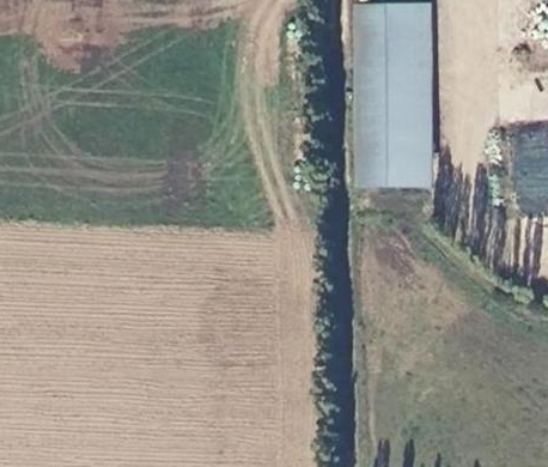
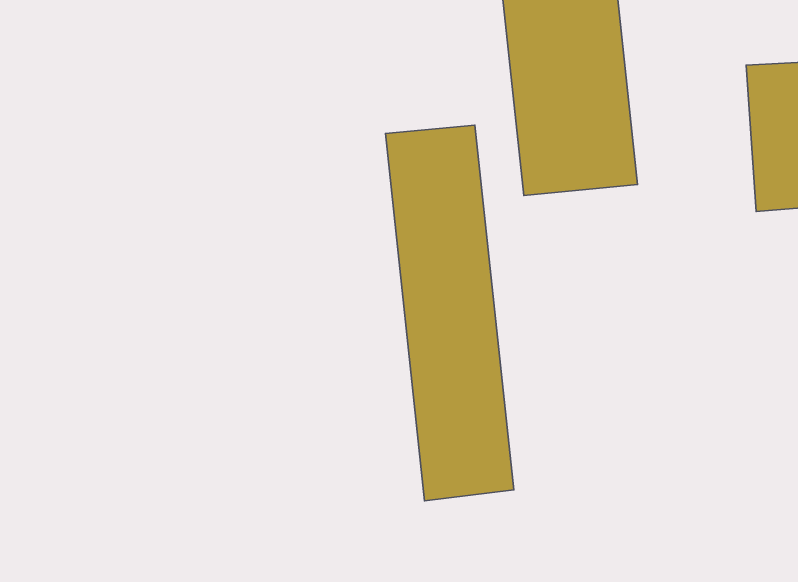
building: none -> [385,125,514,501]

